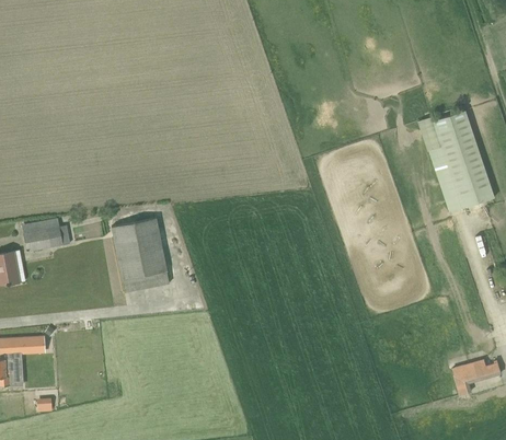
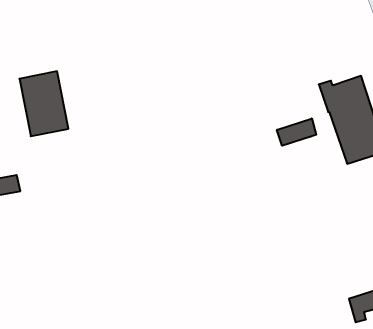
building: none -> [277,118,316,146]
building: [112,217,169,292] -> [19,71,68,136]

